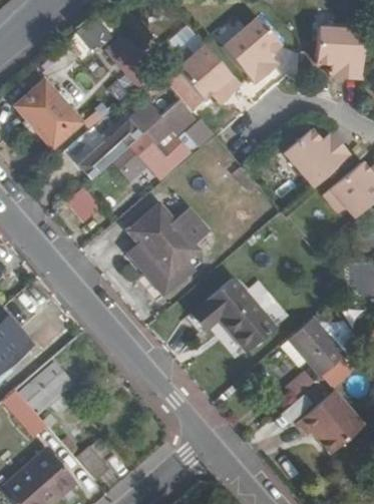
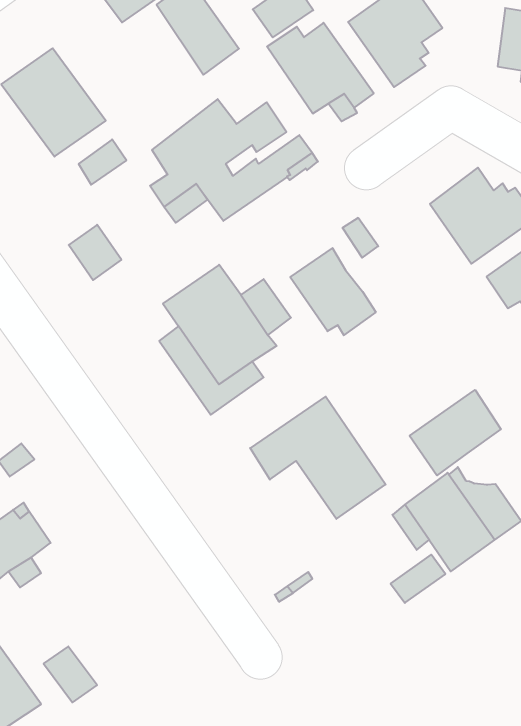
building: none -> [290,248,376,335]
building: none -> [410,390,501,475]
building: [297,390,363,452] -> none

